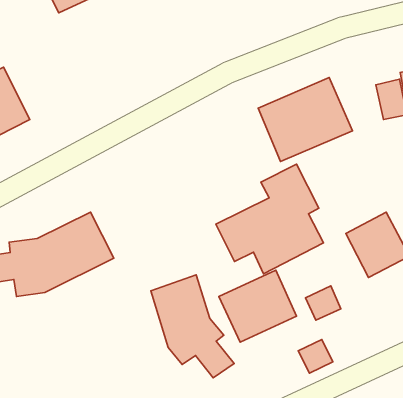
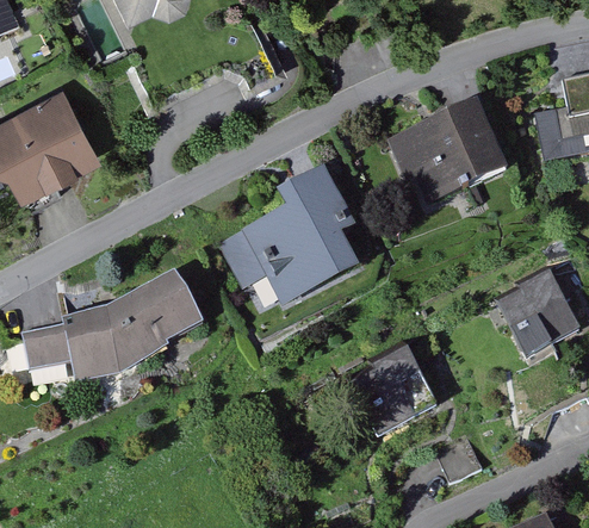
building: [216,164,324,274] -> [218,167,355,306]
building: [151,275,234,378] -> none
building: [305,286,341,320] -> none

